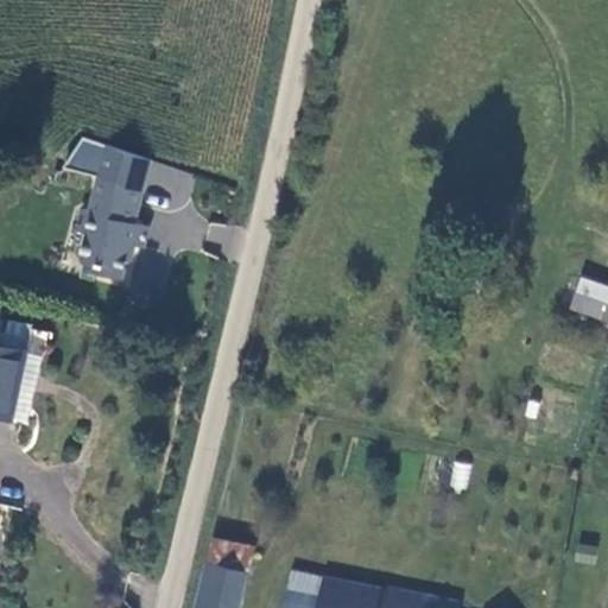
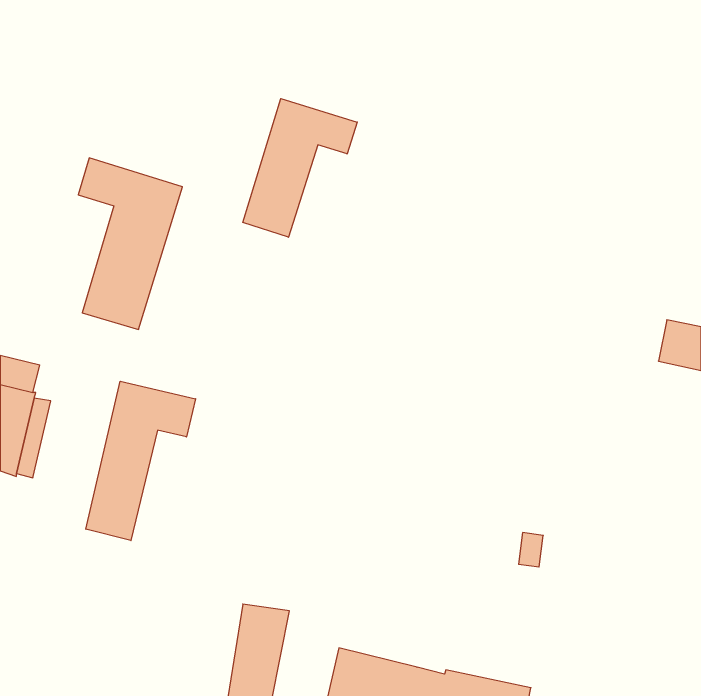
building: none -> [243,99,357,237]
building: none -> [86,381,196,541]

